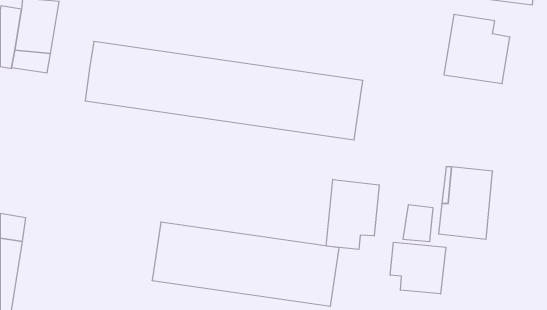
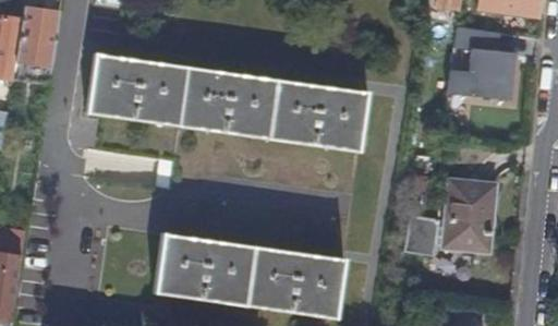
building: [326,179,379,249] -> none
building: [390,242,446,294] -> none

